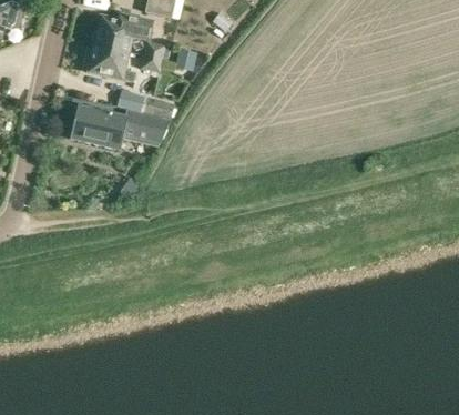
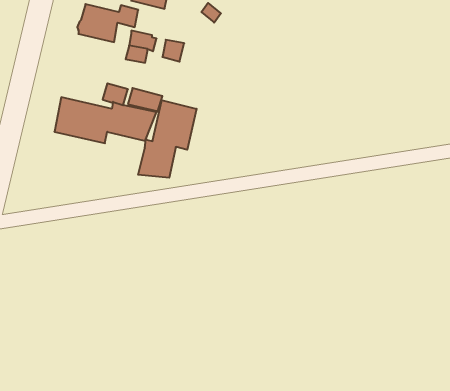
building: [89,42,136,81] -> none
building: none -> [138,100,197,178]

